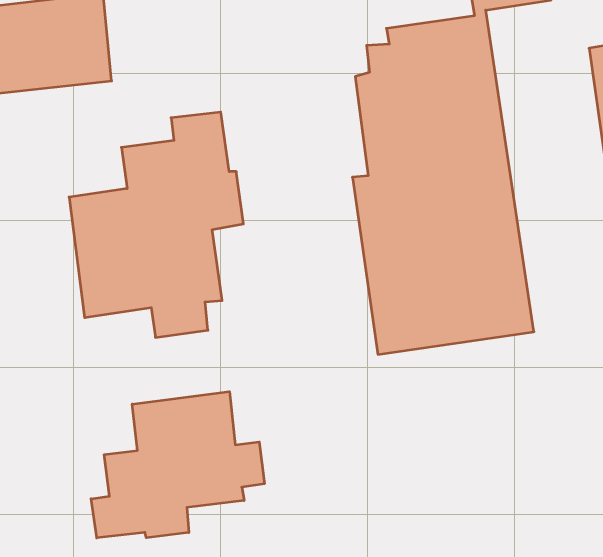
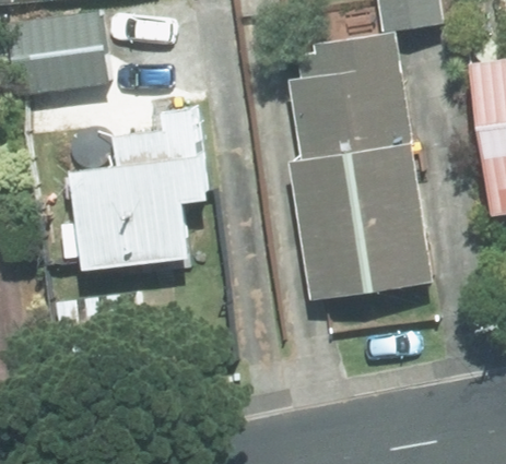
building: [91,392,264,538] -> none

